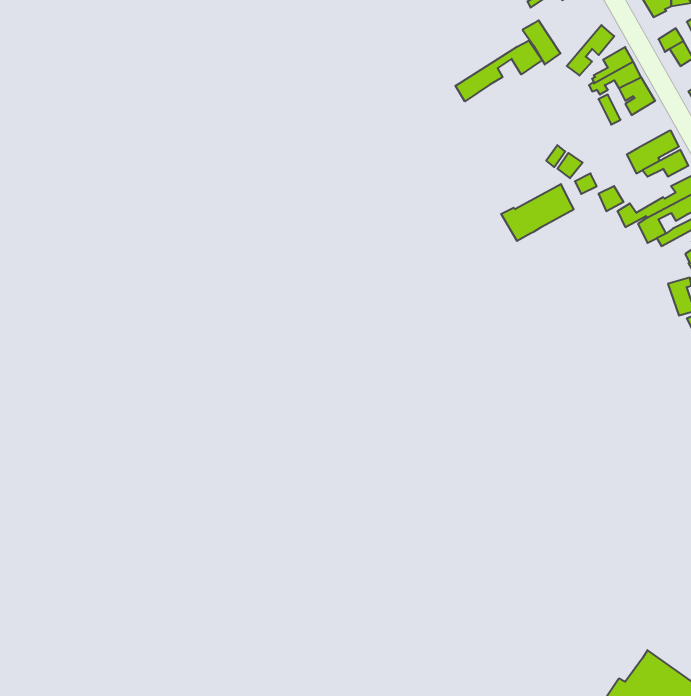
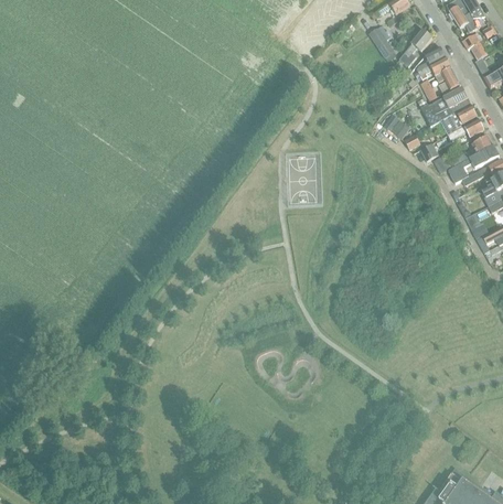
building: [455,41,542,101] -> none
building: [501,184,574,241] -> [419,87,470,127]

